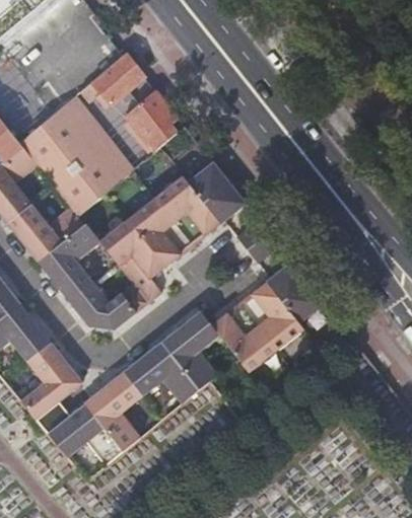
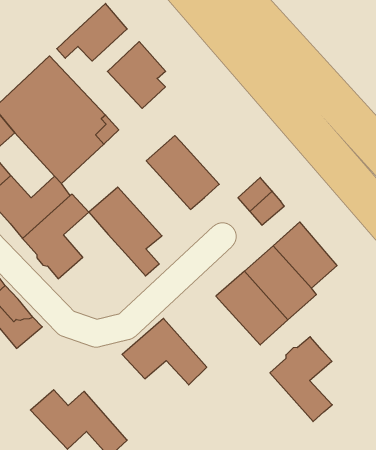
building: [188,162,245,223] -> none
building: [128,198,193,267] -> none
building: [69,282,148,328] -> none
building: [162,311,219,388] -> [270,337,332,422]
building: [21,343,82,418] -> none
building: [84,372,142,450] -> none

